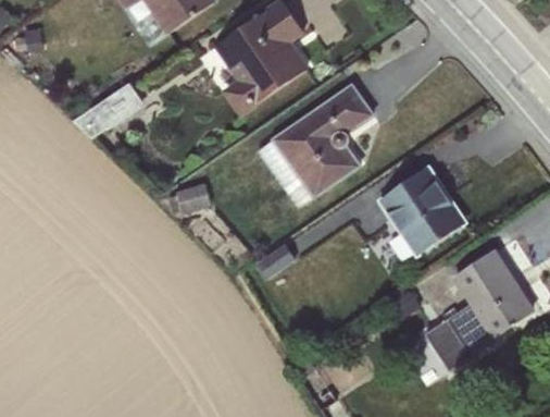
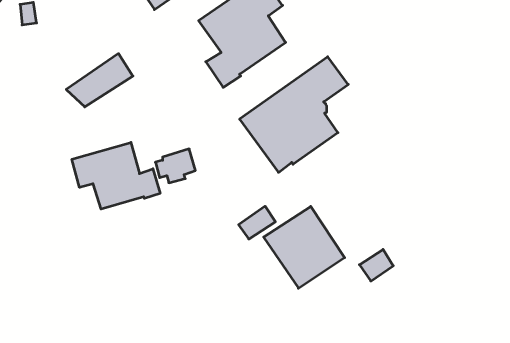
building: [377,167,463,254] -> [264,206,345,288]
building: none -> [72,142,160,209]
building: [424,249,533,364] -> none

